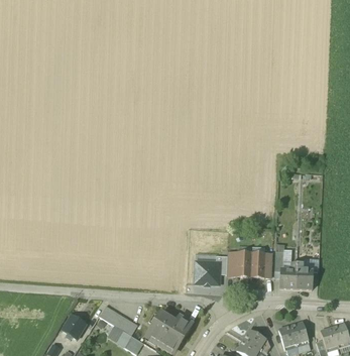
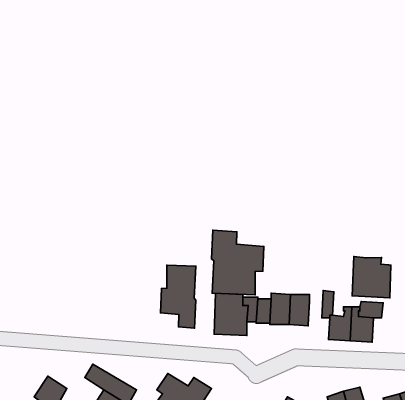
building: none -> [211,230,264,295]
building: none -> [352,257,391,298]
building: none -> [161,265,196,328]

